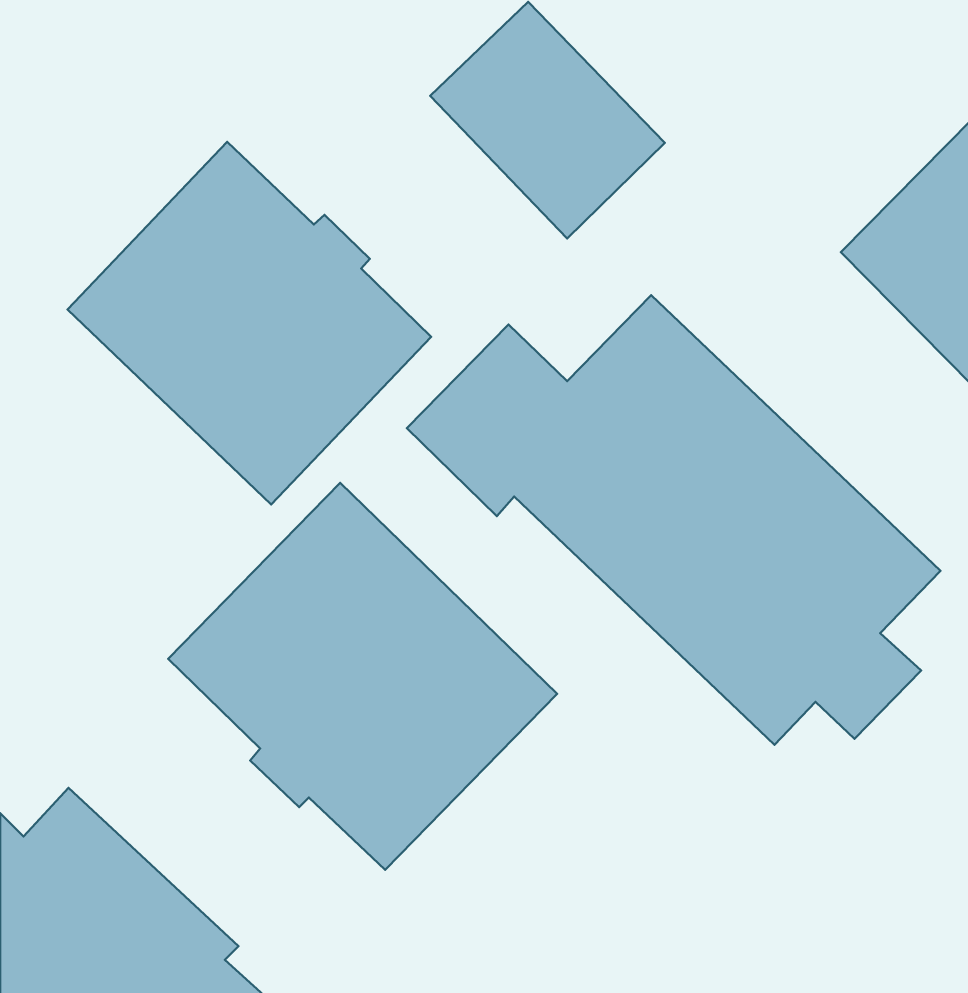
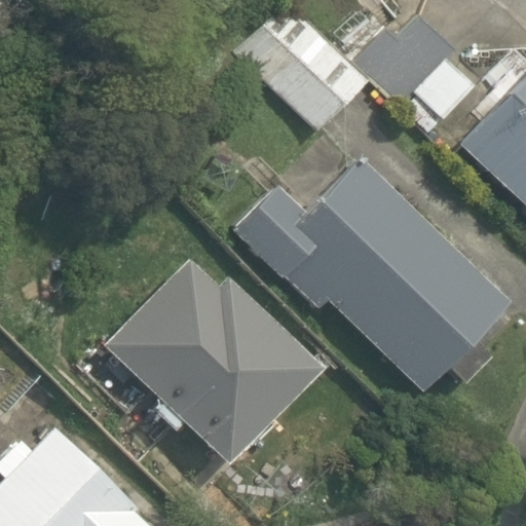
building: none -> [362,18,475,133]
building: [67,142,431,505] -> none

